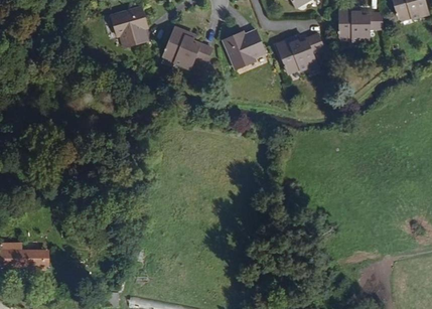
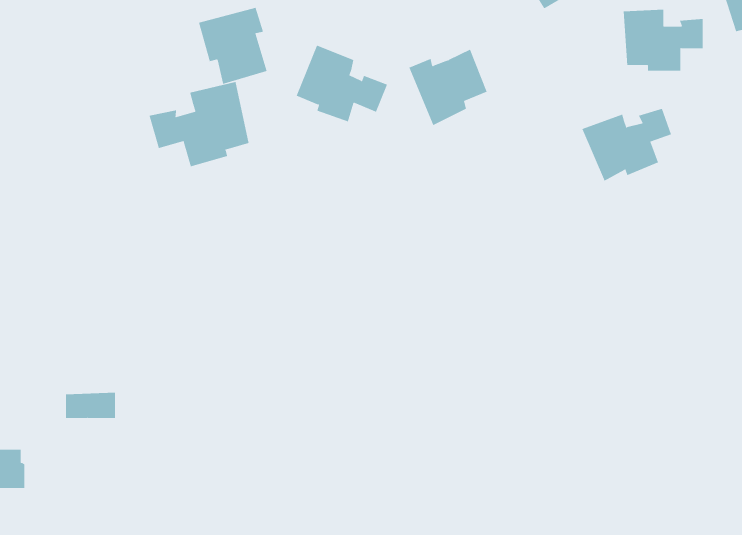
building: [276,33,324,72] -> [582,108,672,181]
building: none -> [149,81,249,167]
building: [18,250,45,264] -> [65,392,116,418]

